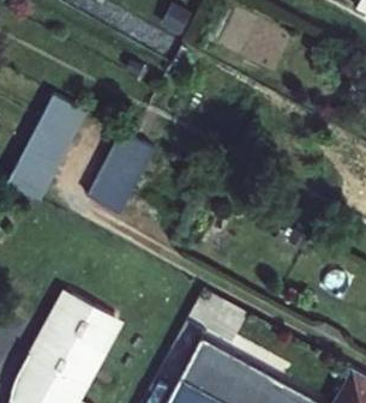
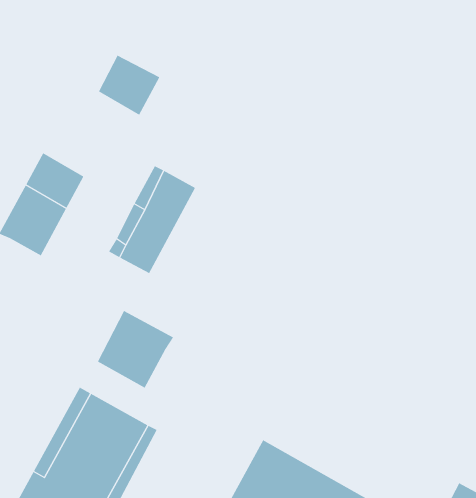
building: [37,94,84,139] -> [98,55,160,116]
building: none -> [97,310,174,389]

